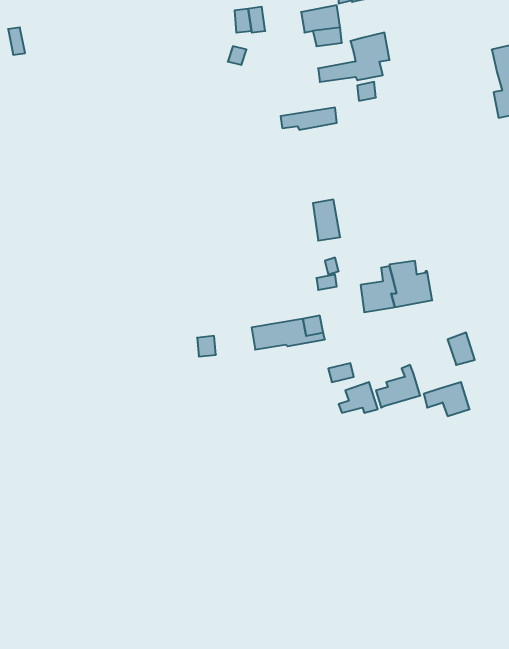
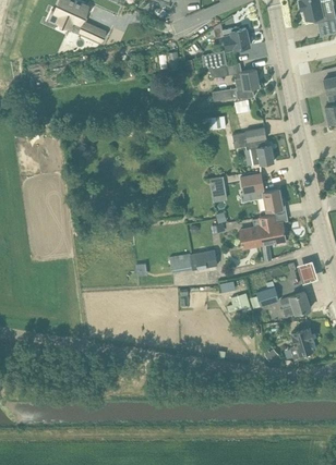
building: none -> [232,127,274,164]
building: none -> [240,173,285,210]
building: none -> [291,327,314,357]

